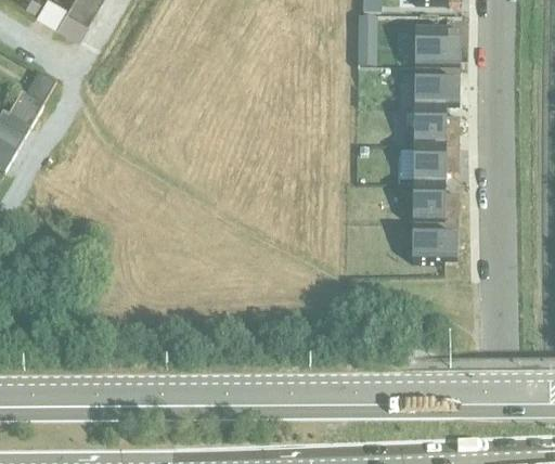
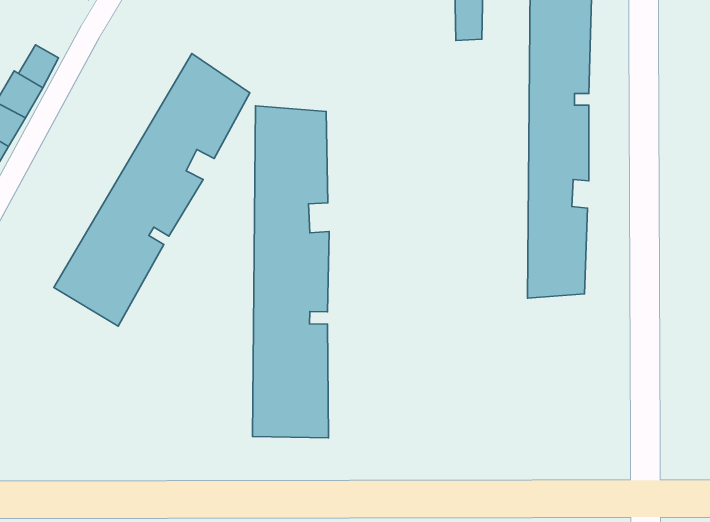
building: none -> [54,54,250,326]
building: none -> [253,106,329,438]

